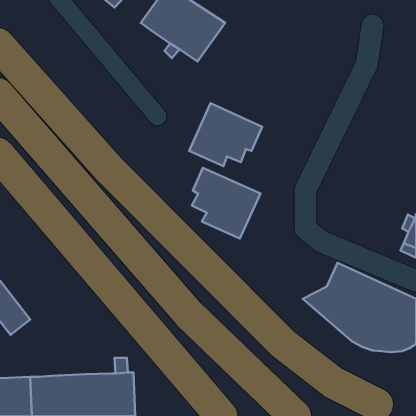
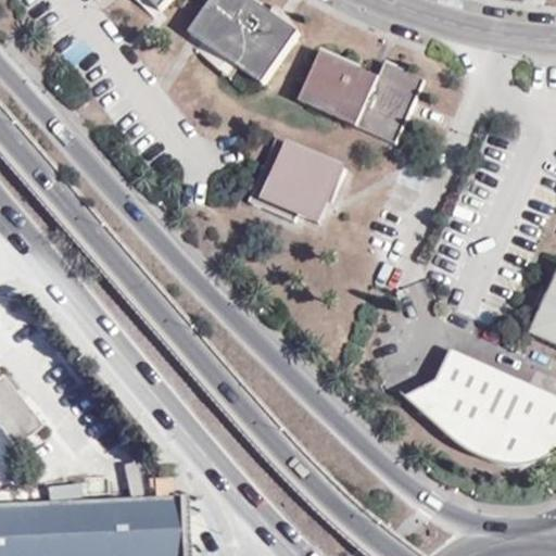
building: none -> [305,54,424,142]
building: [192,168,261,239] -> none

